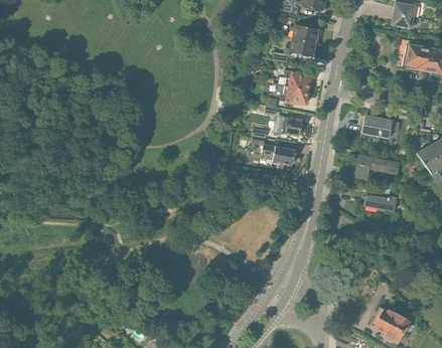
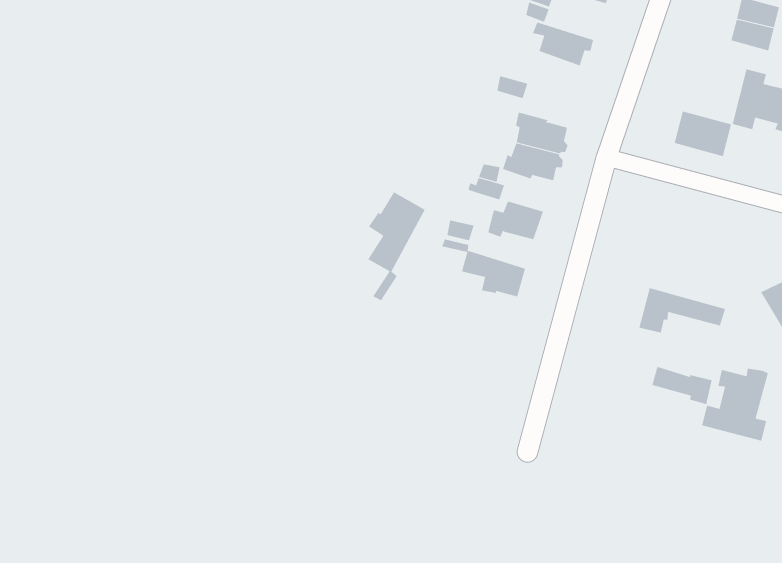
building: [285,37,316,57] -> none
building: none -> [368,192,425,301]
building: [362,116,392,138] -> [674,111,732,157]
building: none -> [701,368,768,441]

